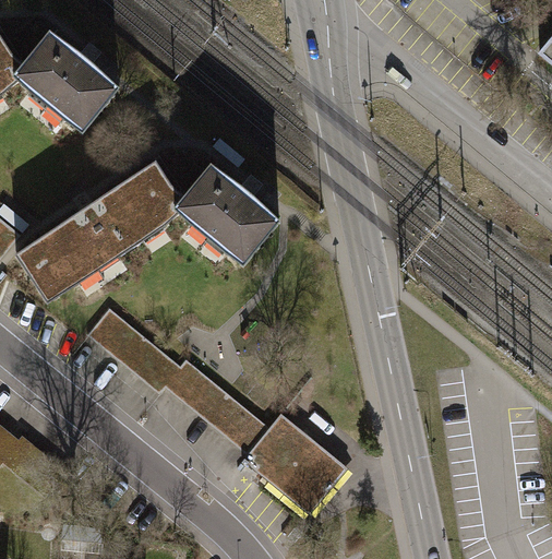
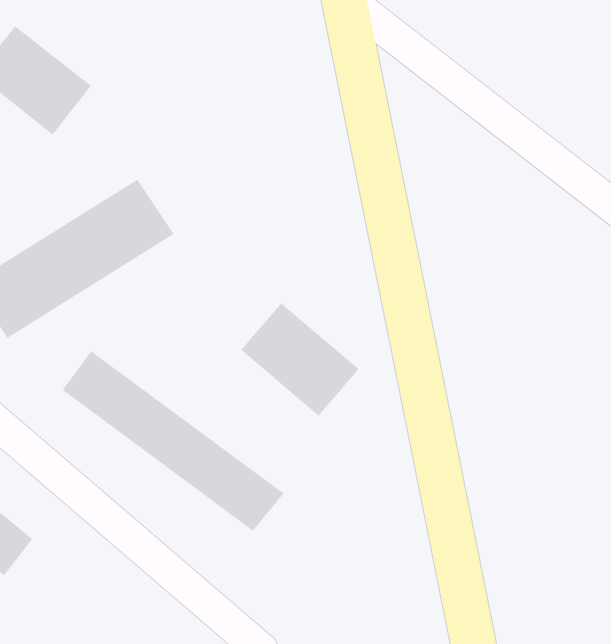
building: [176,165,275,260] -> [240,302,360,416]
building: [249,418,349,516] -> none

